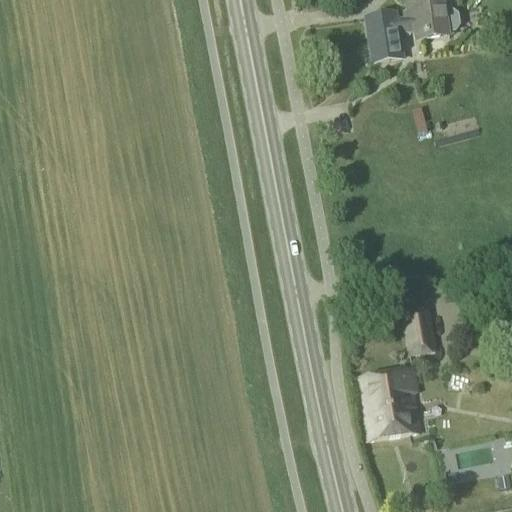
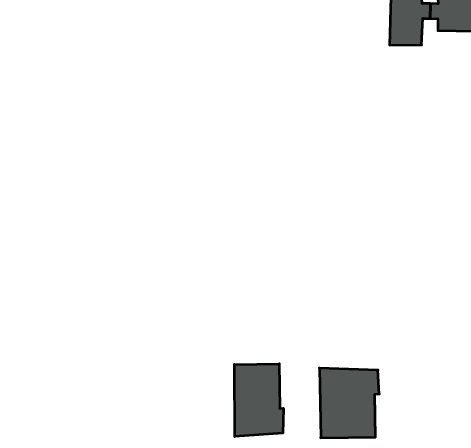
building: [401,306,436,355] -> none
building: none -> [234,364,283,437]

